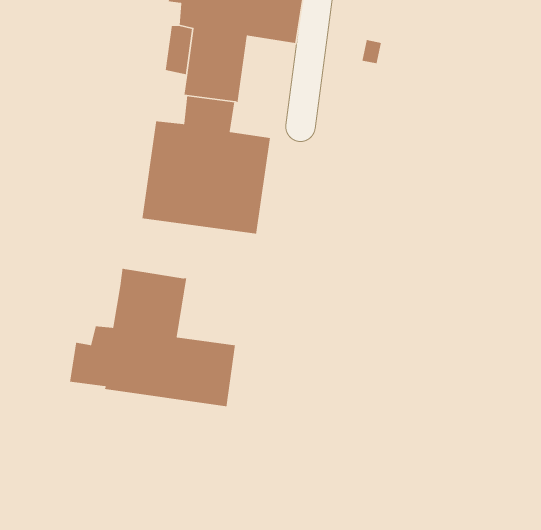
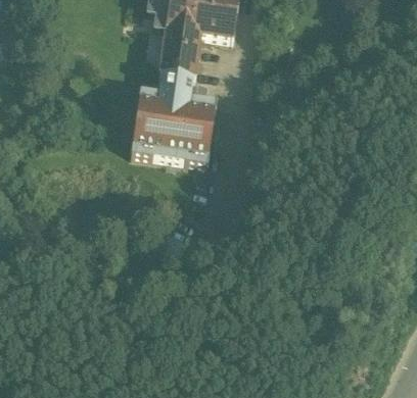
building: [69,268,236,407] -> none

